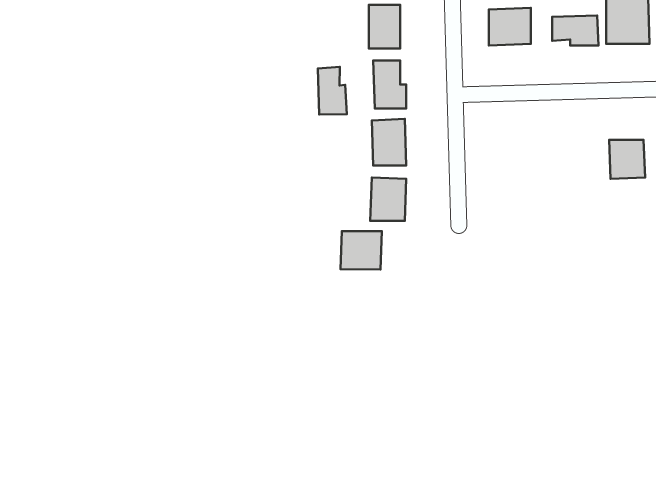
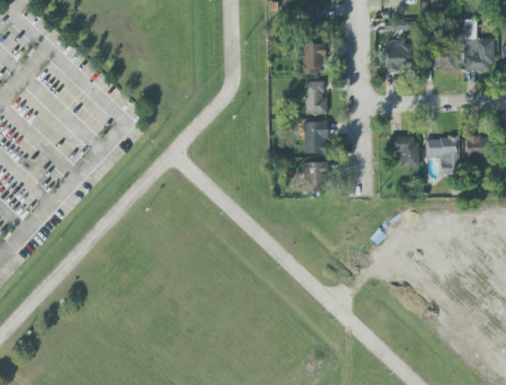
building: [318,67,347,114] -> none
building: none -> [389,136,419,167]
building: none -> [425,138,460,175]
building: [340,231,382,269] -> none

